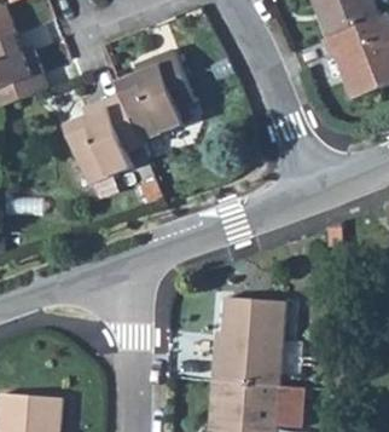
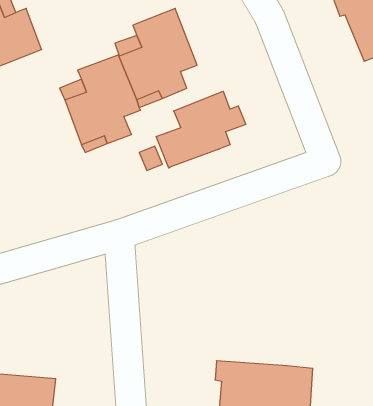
building: none -> [156,91,246,168]
building: [213,296,285,385] -> none

